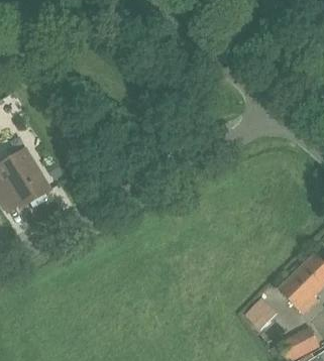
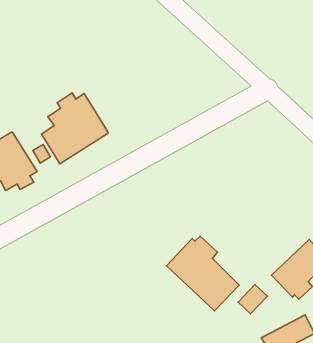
building: none -> [41,93,108,164]
building: none -> [166,236,239,311]

